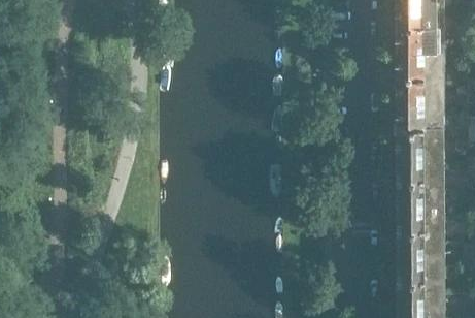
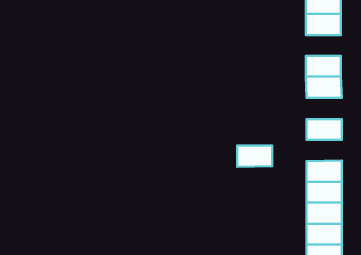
building: [405,50,447,74] -> none
building: [406,125,448,151] -> none
building: [406,176,448,201] -> [237,145,272,167]

